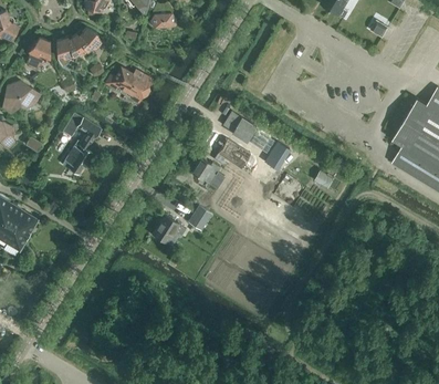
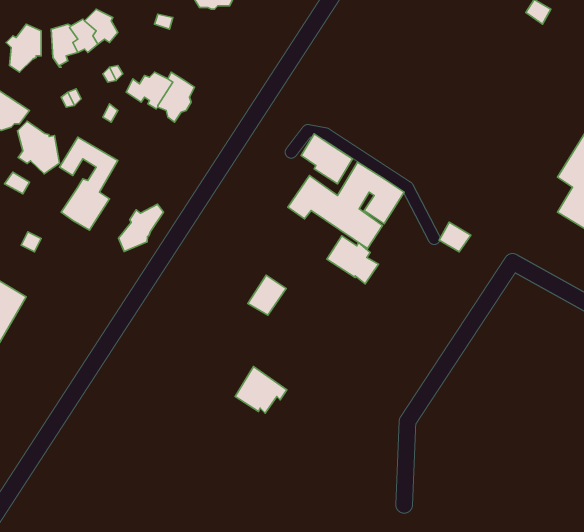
building: none -> [17,121,59,174]
building: [191,157,226,189] -> [327,236,378,284]
building: none -> [118,204,163,252]
building: [151,215,186,246] -> [235,367,287,413]

